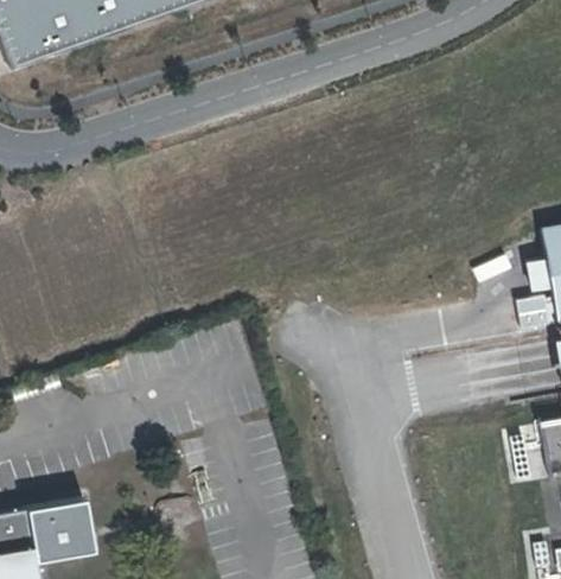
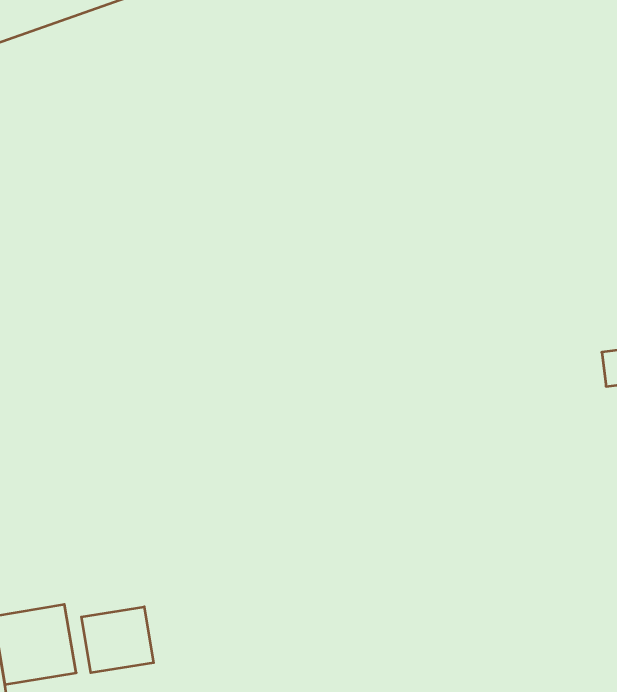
building: none -> [81,607,154,673]

